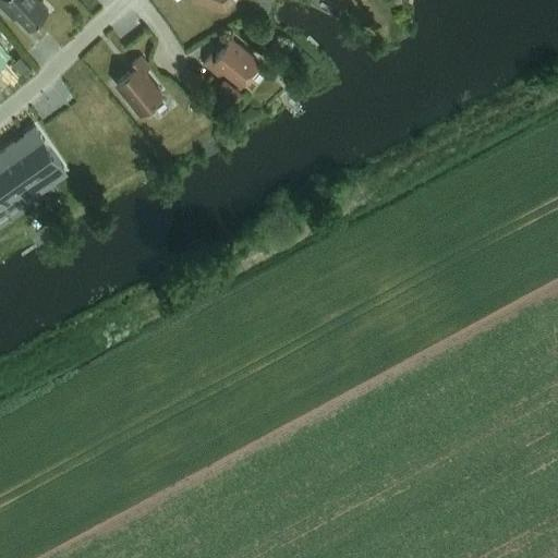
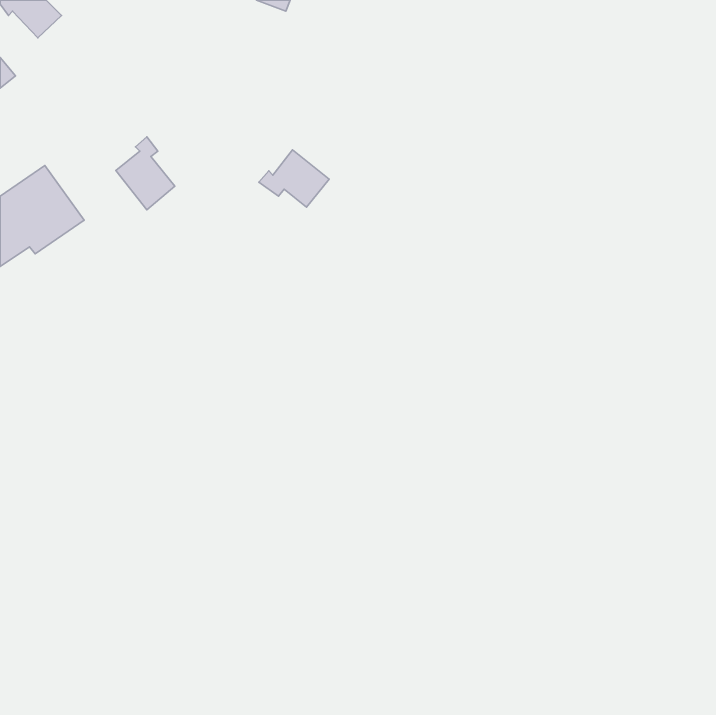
building: [204,40,258,85] -> [259,150,329,207]
building: [117,58,162,114] -> [116,137,175,210]

